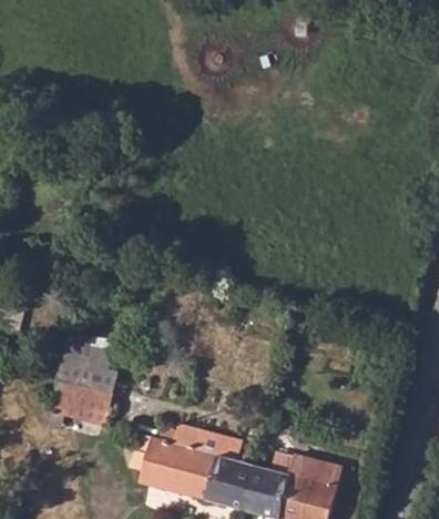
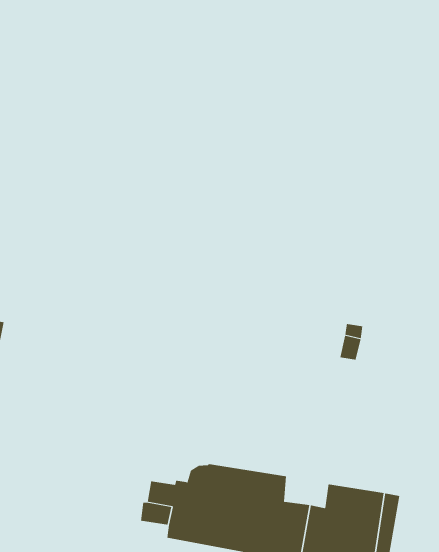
building: [53,330,129,423] -> none

